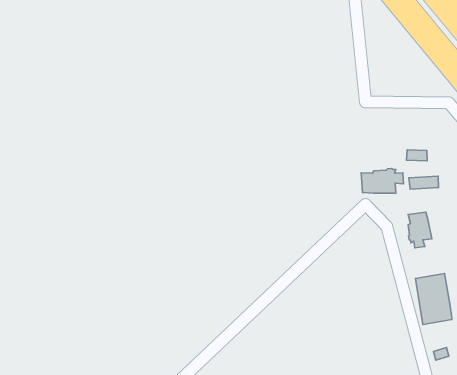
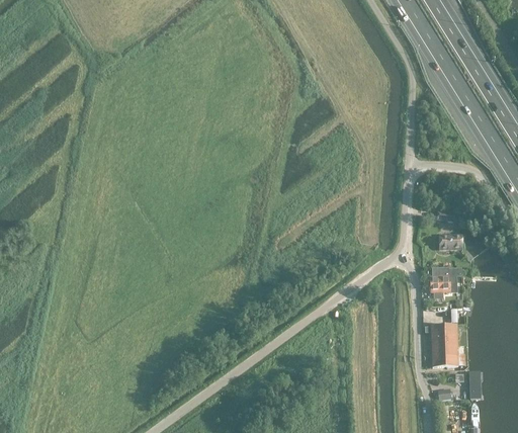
building: [361,168,404,193] -> none

